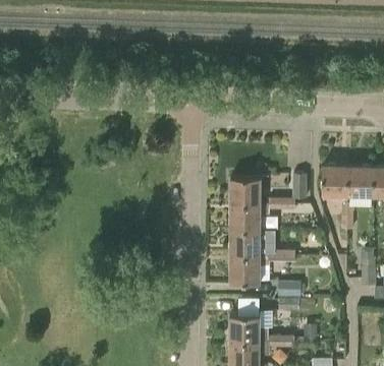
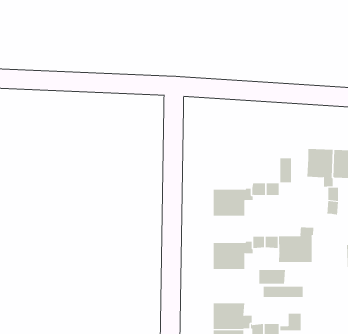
building: [230,176,262,202] -> none
building: [230,229,262,254] -> none
building: none -> [278,227,314,263]

